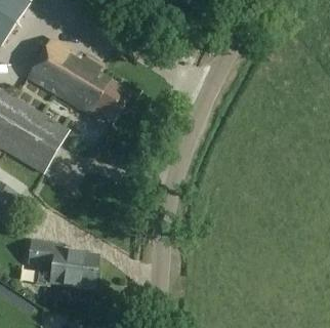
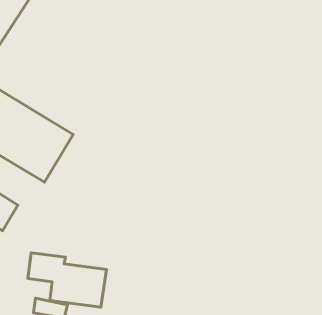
building: [27,36,131,122] -> none

